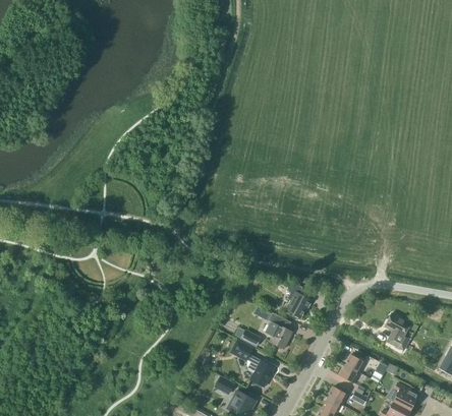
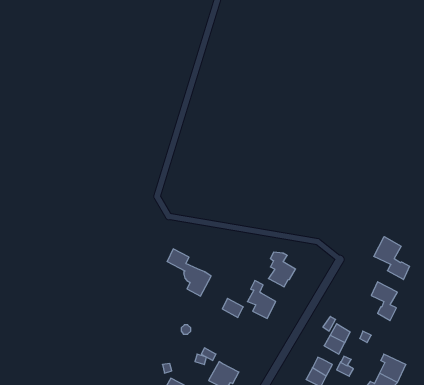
building: none -> [374,237,409,280]
building: [231,341,274,387] -> [167,249,211,296]

